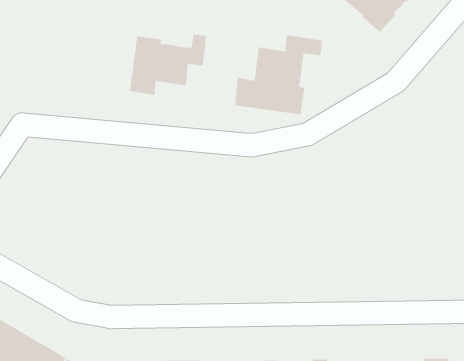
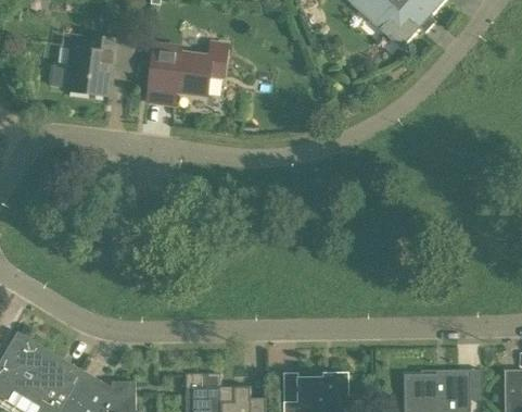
building: none -> [66,35,133,96]
building: [235,34,323,115] -> none

